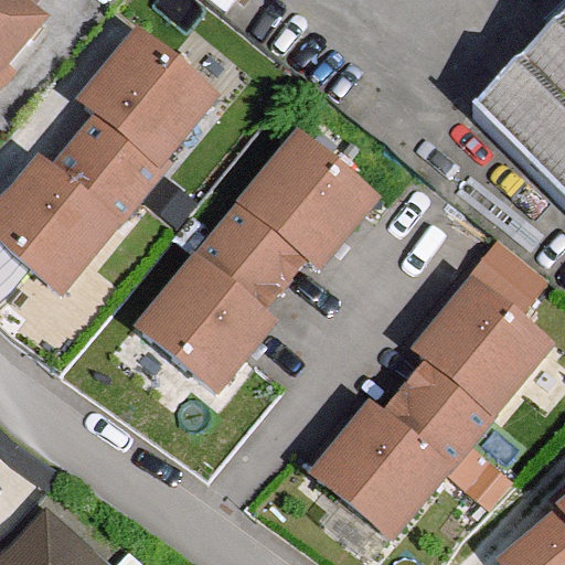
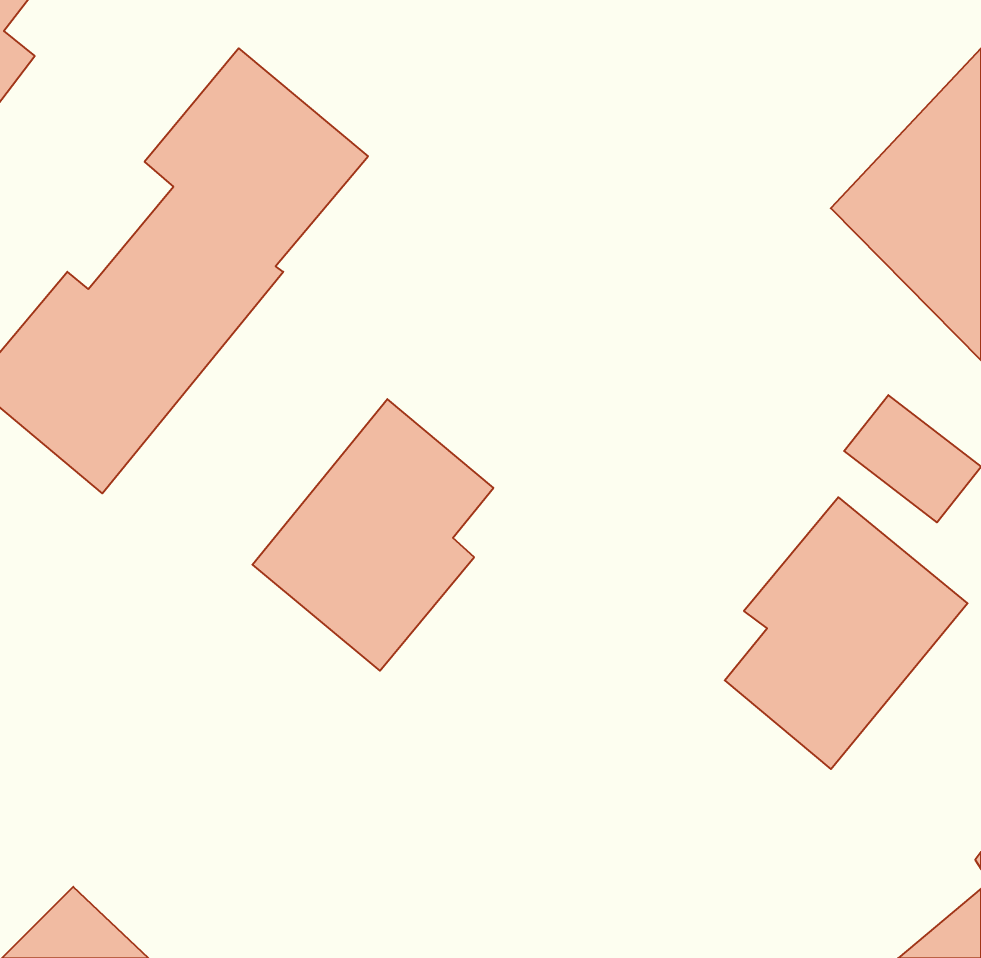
building: [222,134,374,279] -> none
building: [323,390,476,534] -> none

